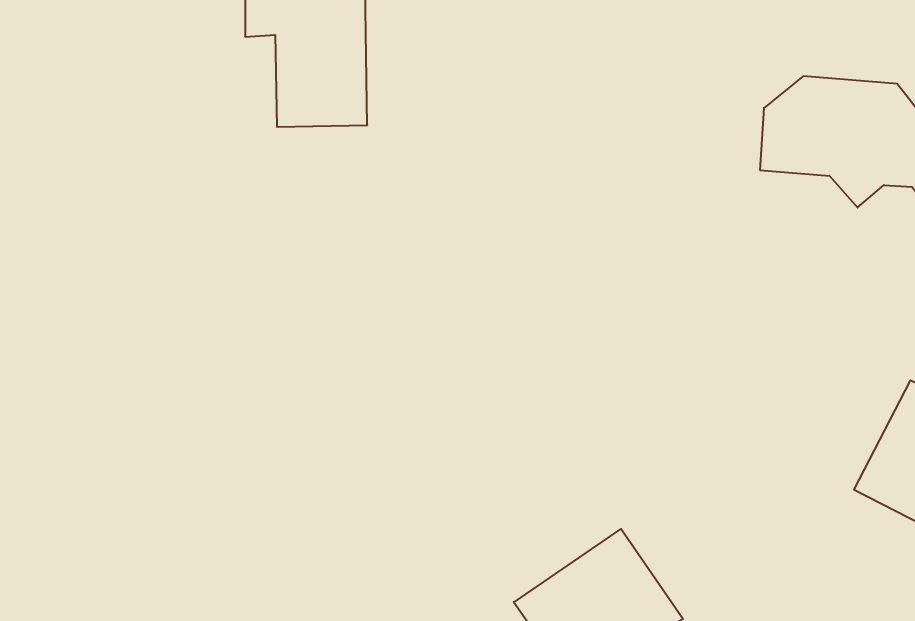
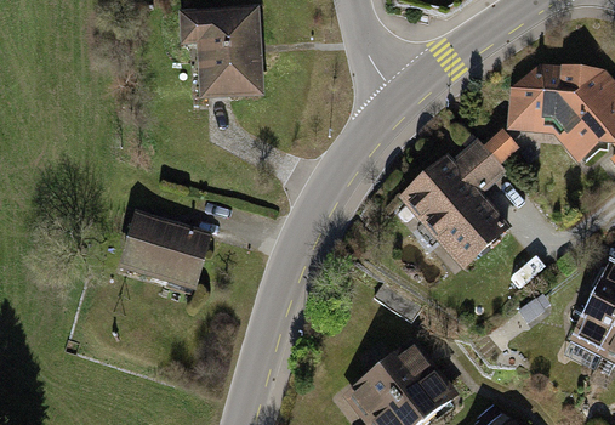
building: none -> [402,140,500,259]
building: none -> [121,210,209,283]

